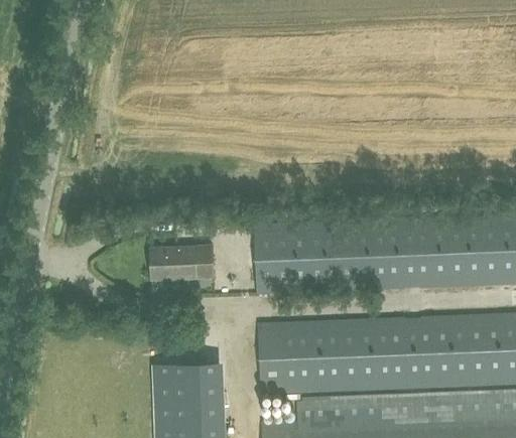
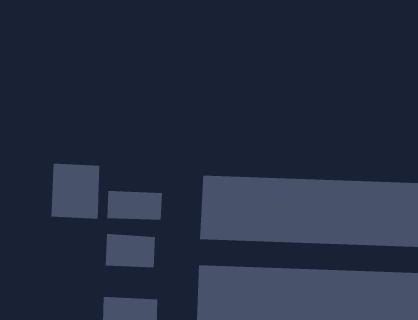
building: none -> [51,163,100,219]
building: none -> [105,233,156,268]

